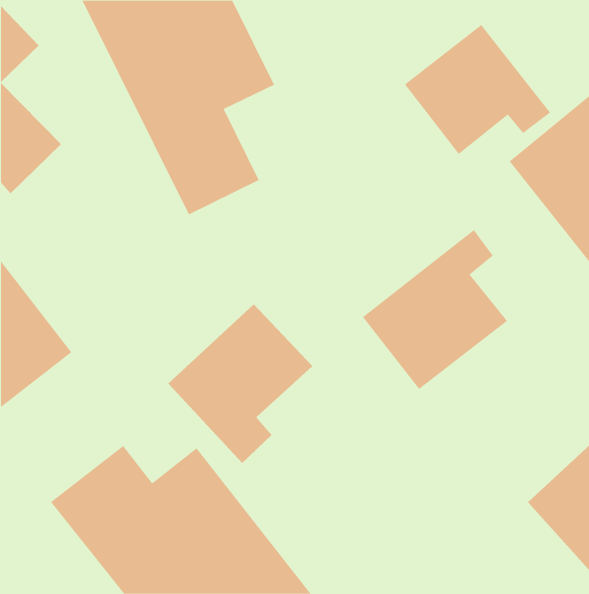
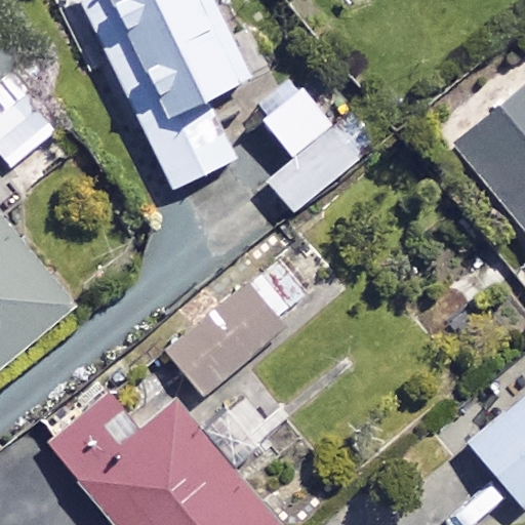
building: [404,24,551,155] -> none
building: none -> [257,86,381,213]
building: [362,229,508,390] -> none

